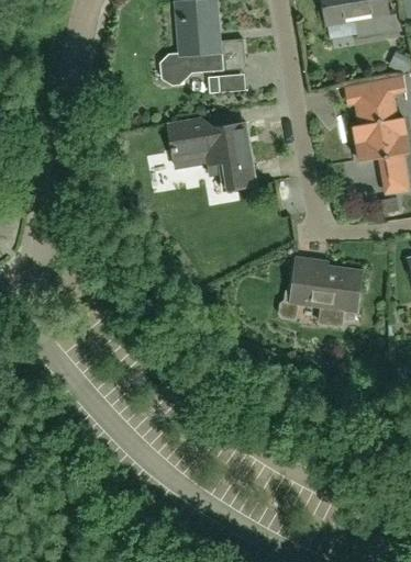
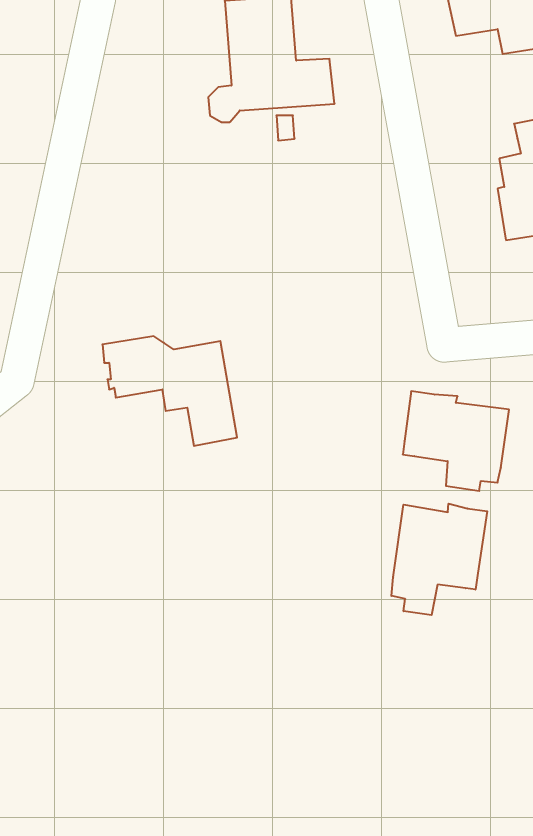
building: [166,117,255,190] -> [102,336,237,446]
building: none -> [391,504,487,615]

